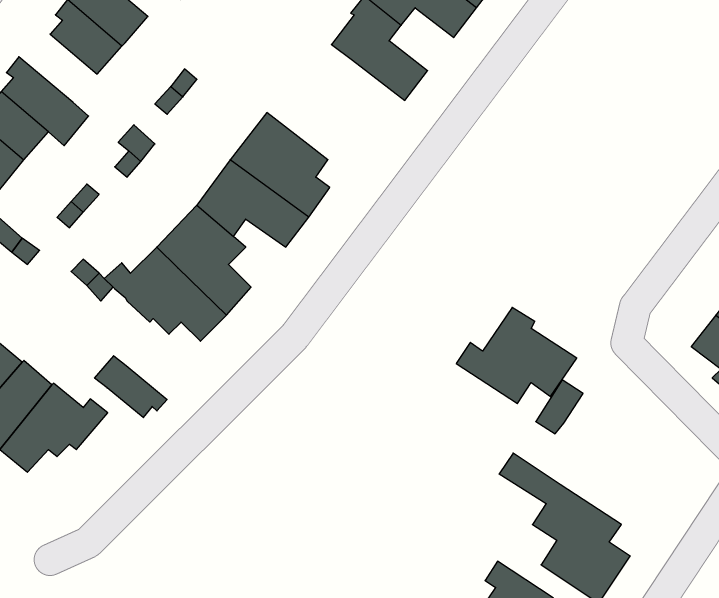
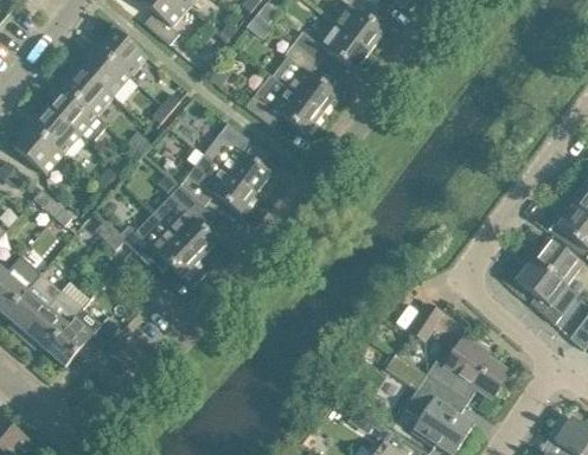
building: none -> [59,69,113,115]
building: none -> [245,73,321,134]
building: [456,307,577,404] -> [427,337,509,402]
building: [95,356,167,418] -> none

